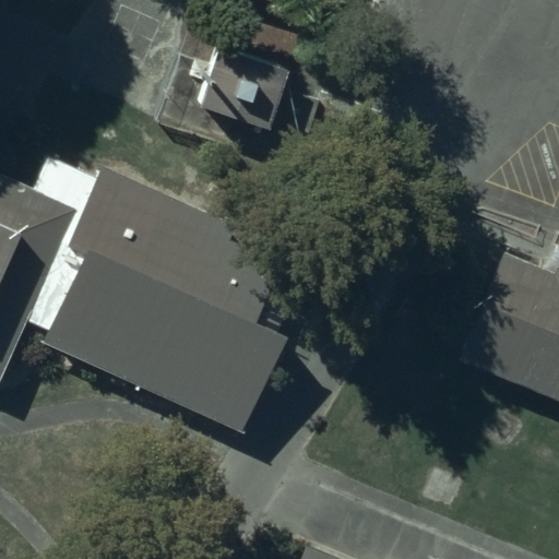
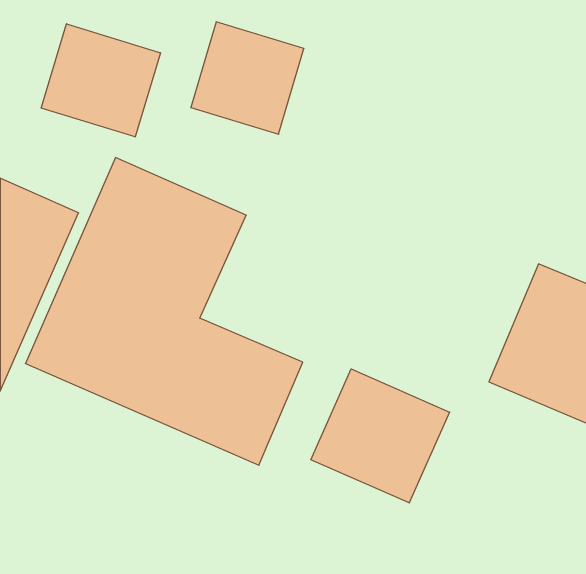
building: none -> [41,24,161,137]
building: none -> [311,369,450,503]

